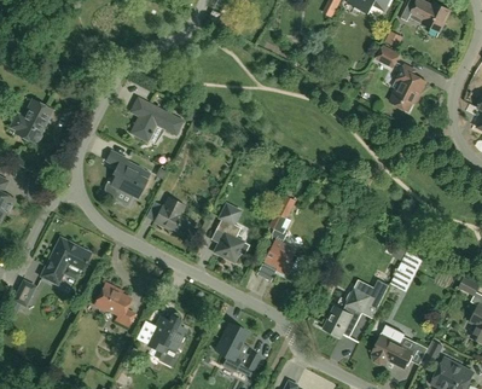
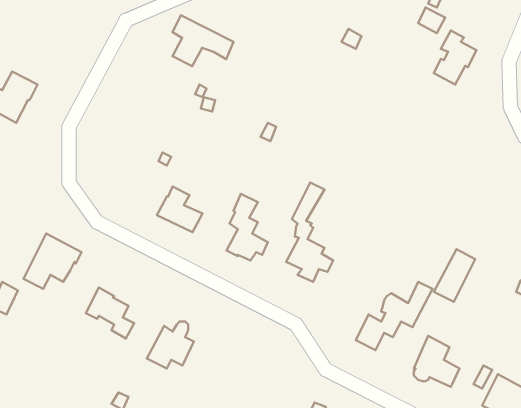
building: [130,97,182,140] -> [172,15,233,66]
building: [105,150,150,198] -> none
building: [215,323,260,376] -> none

